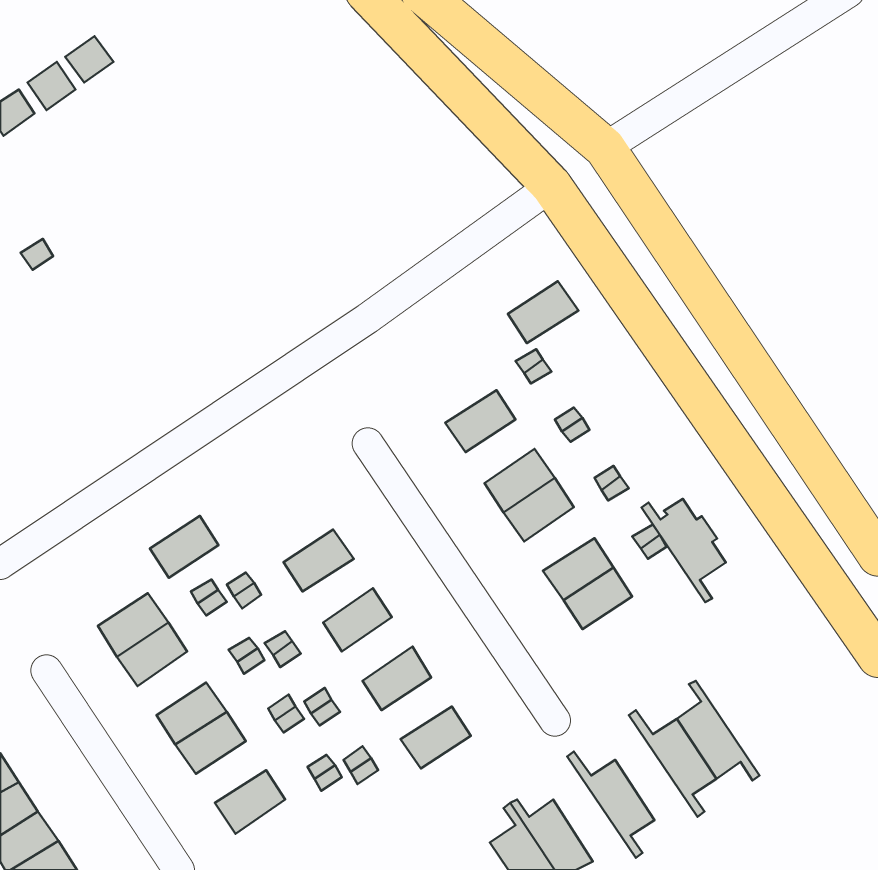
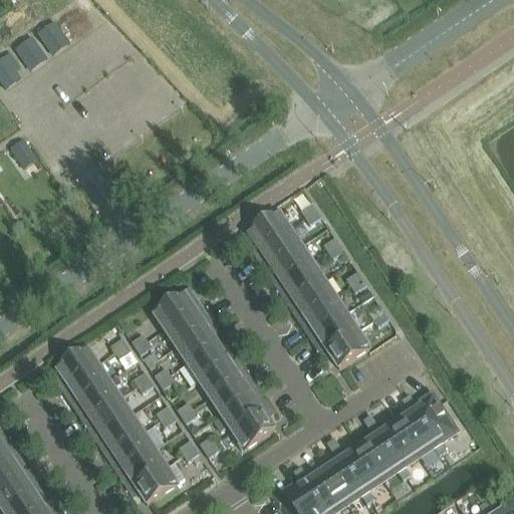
building: [508,281,578,343] -> [249,211,290,247]
building: none -> [272,245,312,282]
building: [642,499,726,602] -> [407,393,456,453]
building: none -> [306,296,347,333]
building: [150,516,219,578] -> [155,292,195,328]
building: none -> [177,326,218,363]
building: none -> [200,360,241,398]
building: none -> [80,380,120,418]
building: none -> [223,396,264,432]
building: none -> [359,418,408,480]
building: none -> [114,433,156,469]
building: none -> [323,442,371,504]
building: none -> [138,467,178,504]

